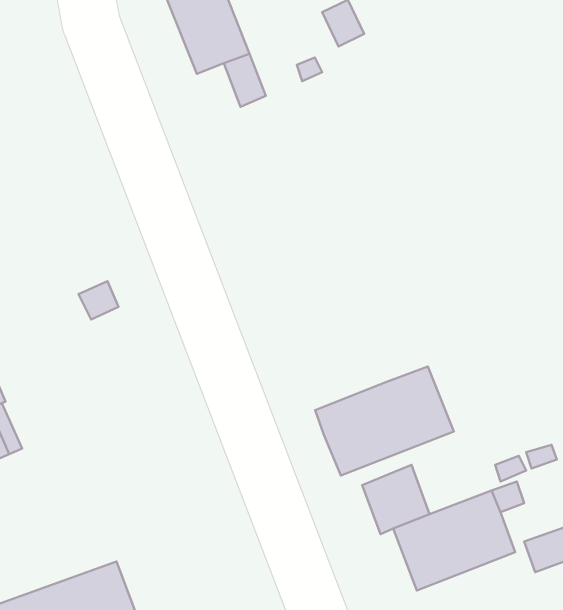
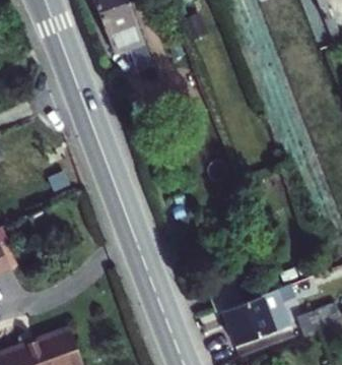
building: [315,366,454,475] -> none

